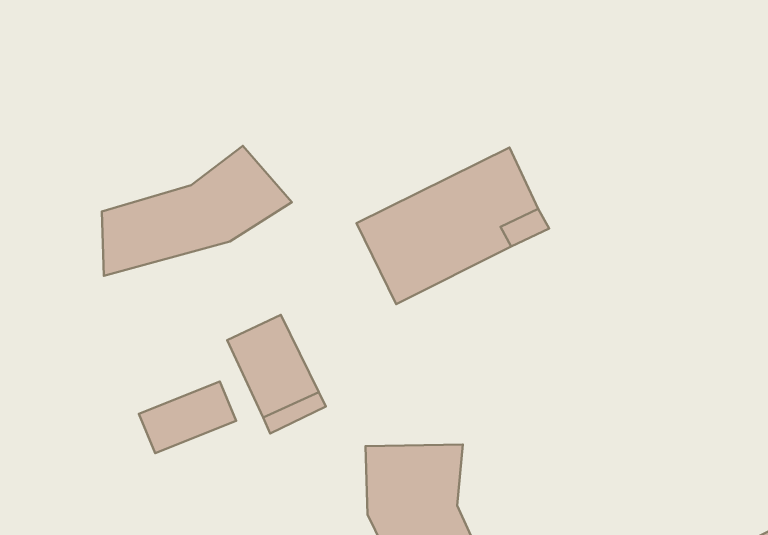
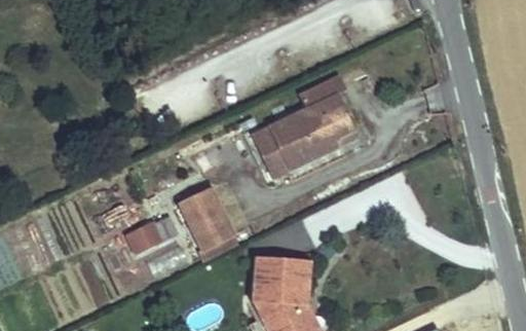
building: [102,146,292,276] -> none

